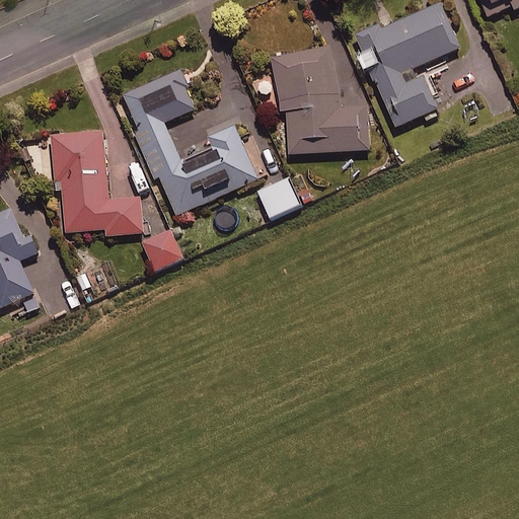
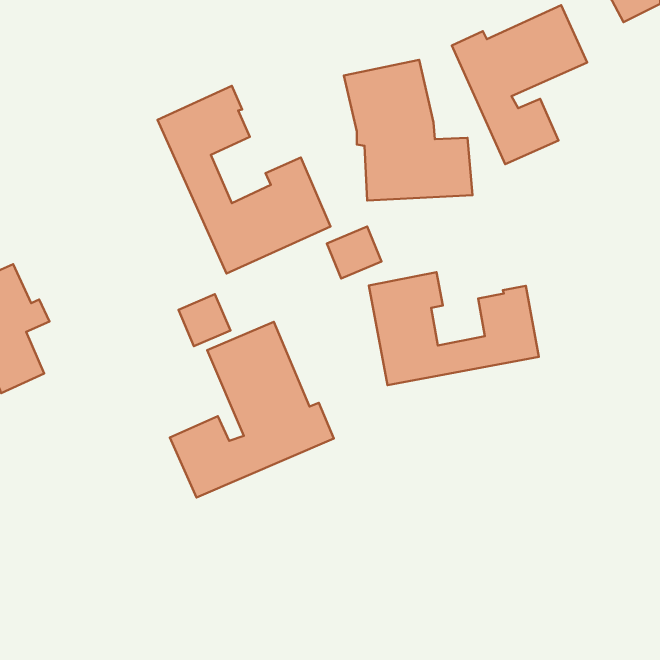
building: [50,129,143,234] -> none
building: none -> [369,272,539,385]
building: none -> [170,322,334,498]

